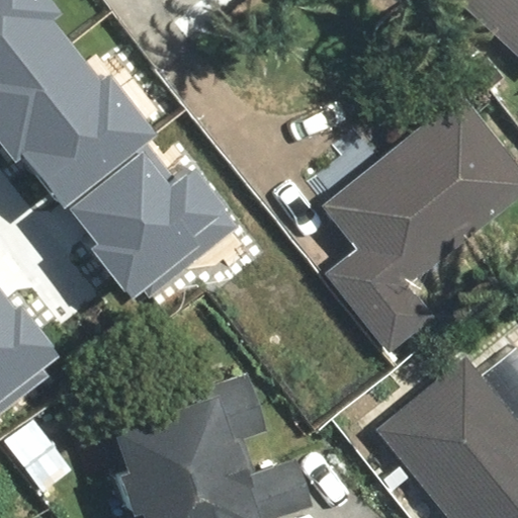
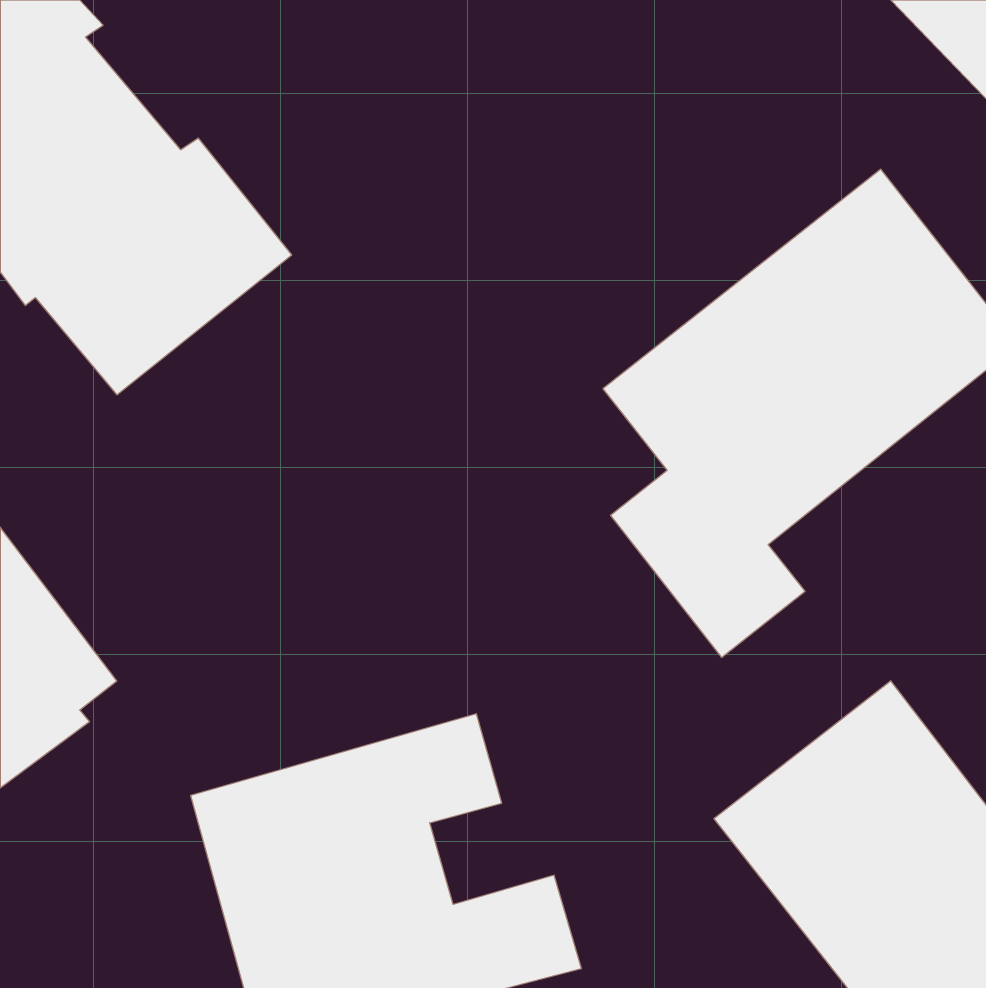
building: [67,152,247,306] -> none

